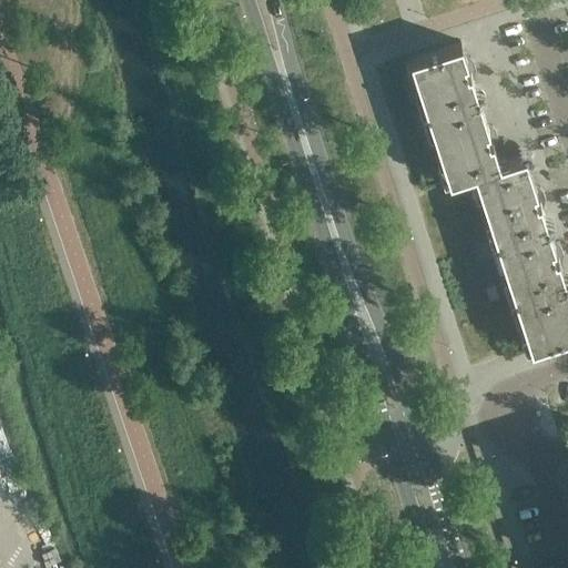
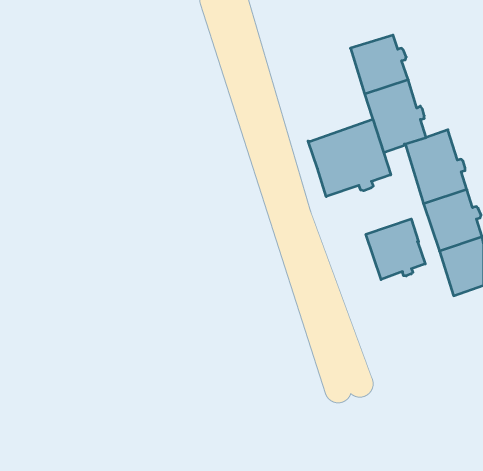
building: none -> [308,119,391,197]
building: none -> [366,219,425,280]

